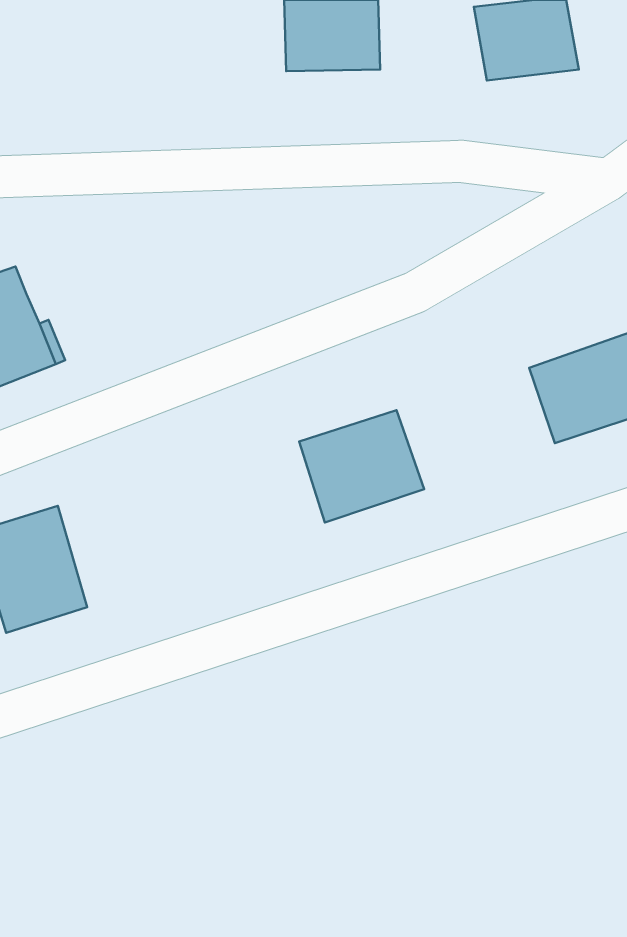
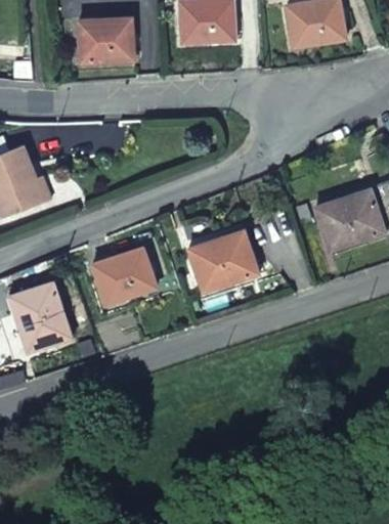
building: none -> [78,19,133,62]
building: none -> [92,247,156,304]

